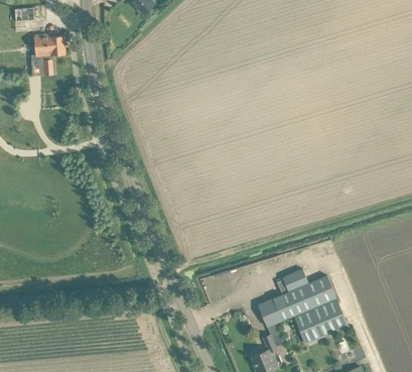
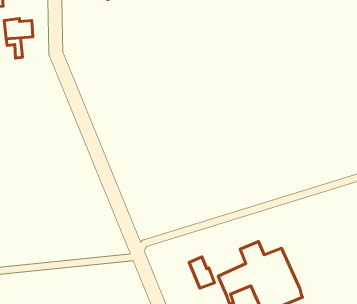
building: none -> [189,257,214,288]

